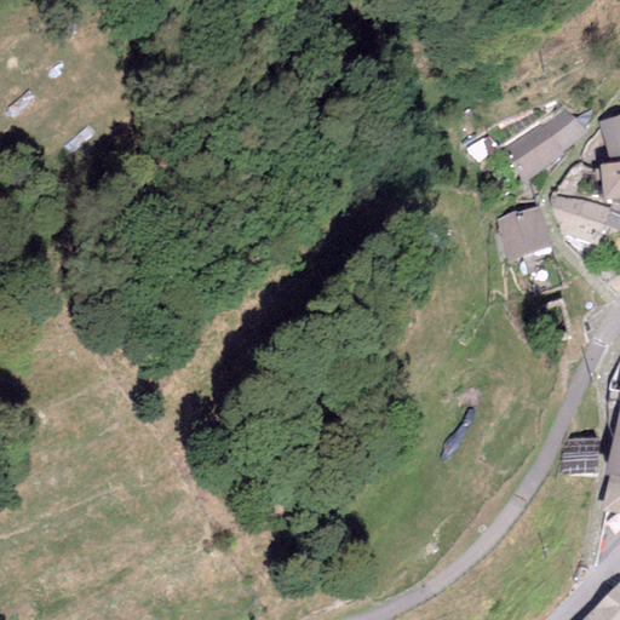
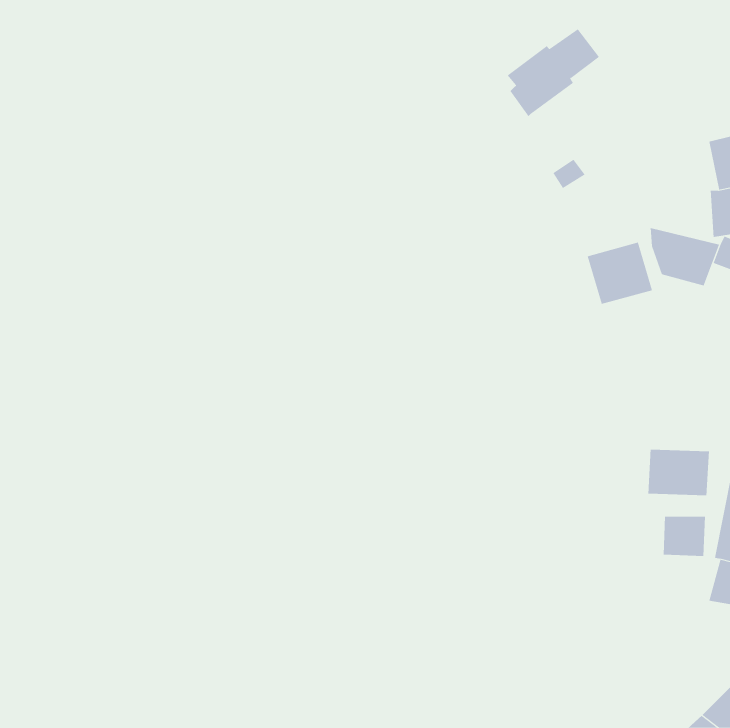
building: [507,107,586,182] -> [507,28,600,117]
building: none -> [648,449,709,496]

